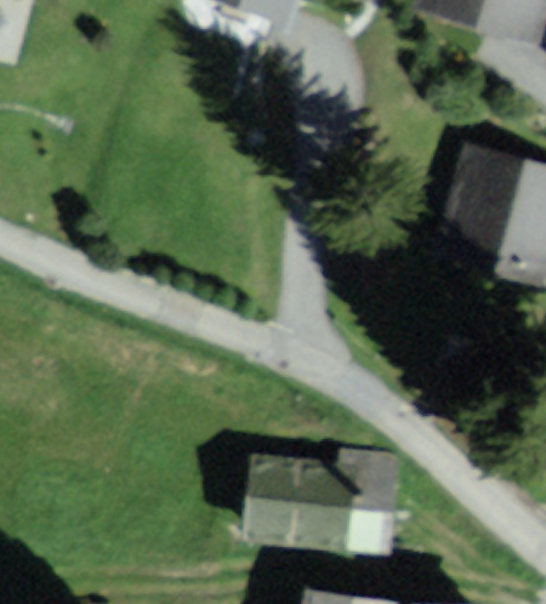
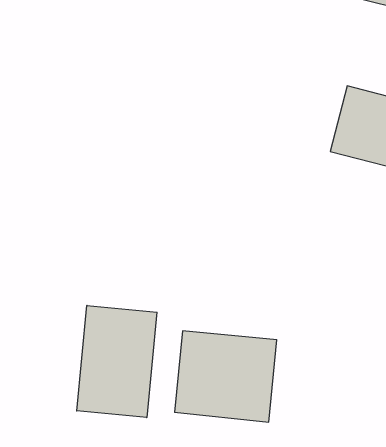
building: none -> [77,305,157,418]

